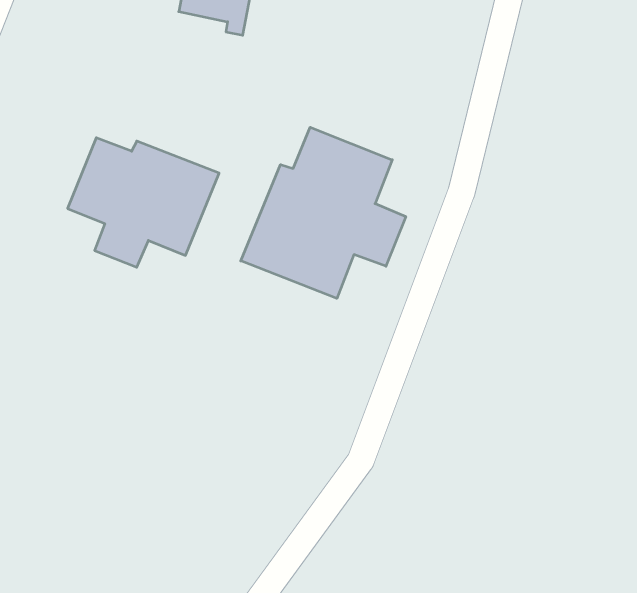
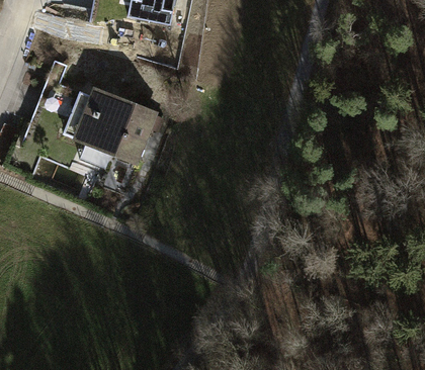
building: [241,127,406,298] -> none

